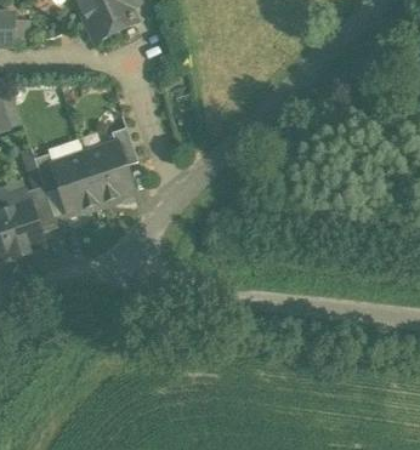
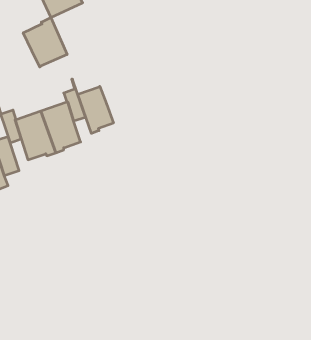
building: none -> [23,18,67,67]
building: none -> [78,86,113,133]

